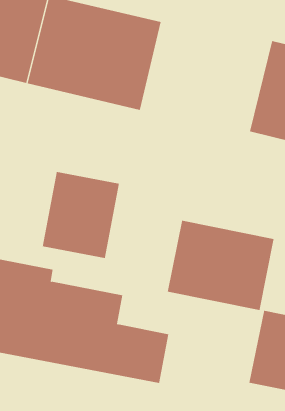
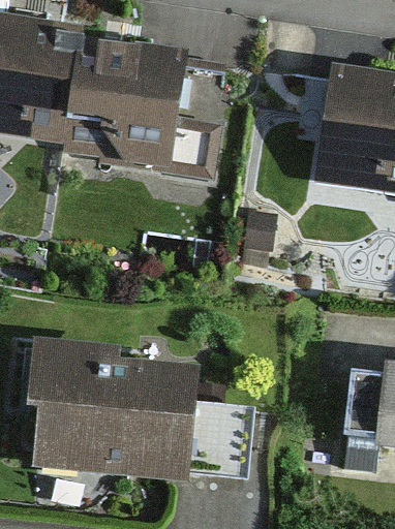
building: [42,171,120,259] -> none
building: [167,220,274,311] -> none

